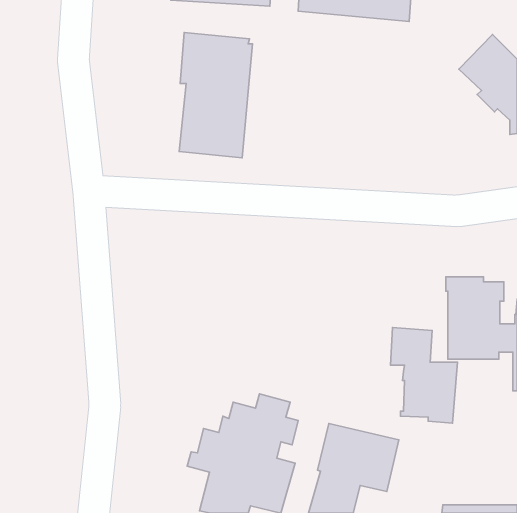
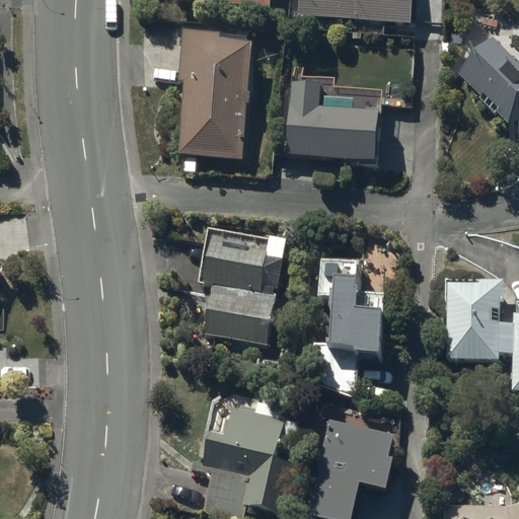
building: none -> [285,81,395,160]
building: none -> [172,226,286,342]
building: [390,328,458,423] -> [318,262,385,357]

